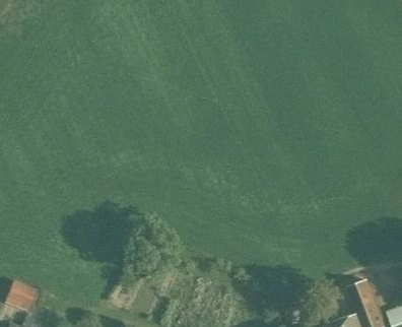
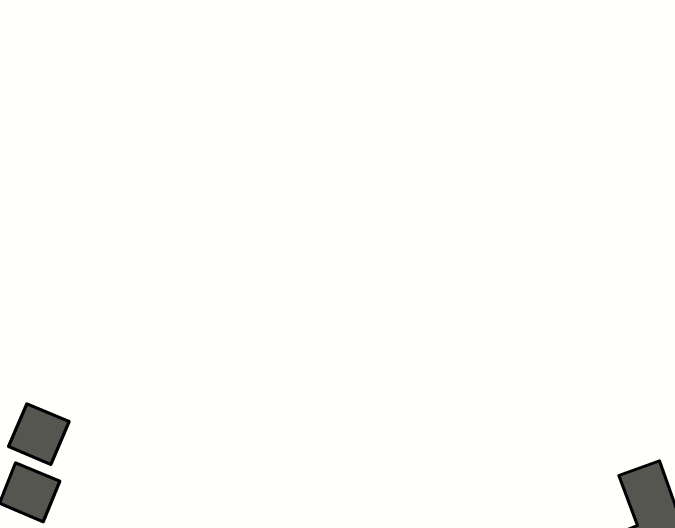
building: none -> [8,404,69,464]

